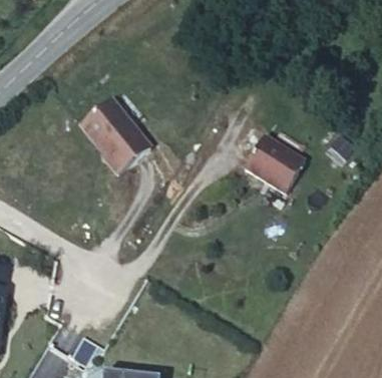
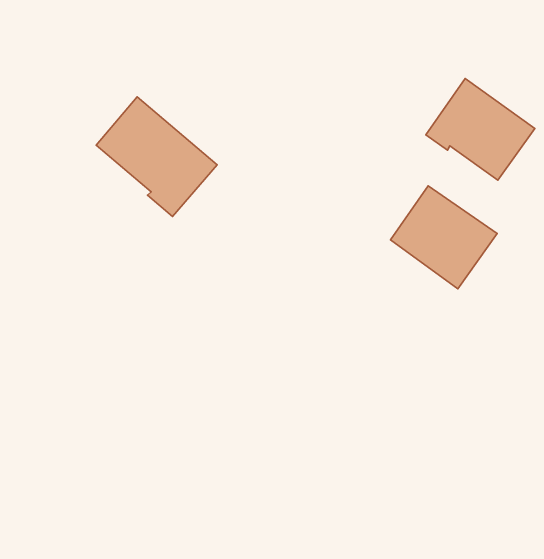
building: none -> [426,79,535,180]

